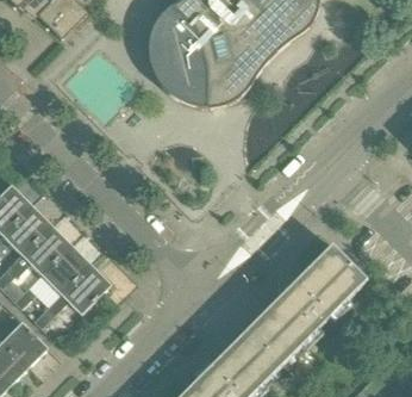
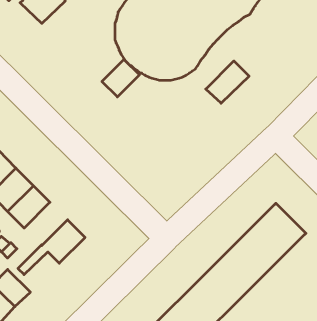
building: none -> [102,59,139,97]
building: none -> [206,61,249,103]
building: [42,244,92,294] -> none

